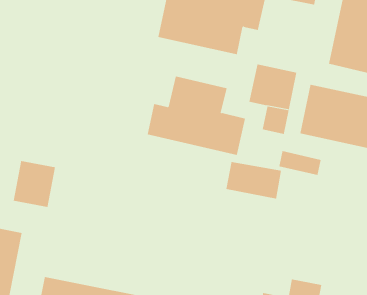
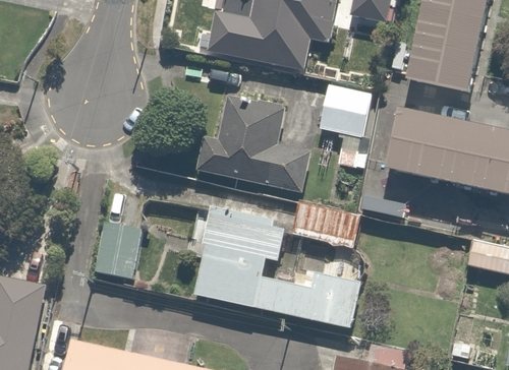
building: [13,161,56,208] -> [94,222,146,279]
building: none -> [191,213,363,328]

